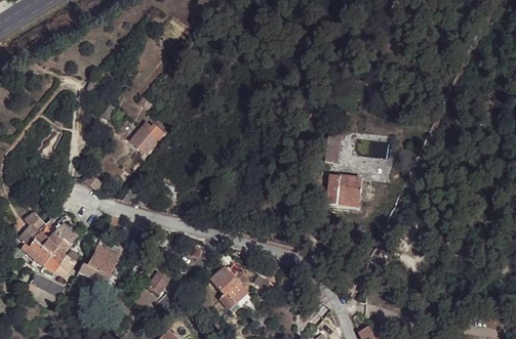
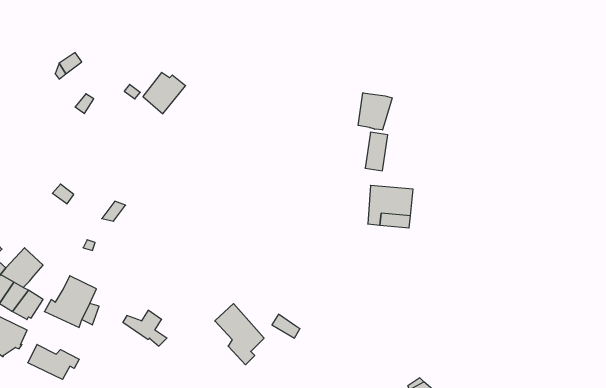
building: none -> [358,93,392,130]
building: [131,122,164,154] -> [143,72,186,114]
building: none -> [28,344,79,379]

